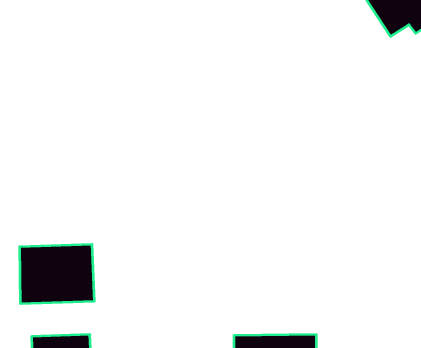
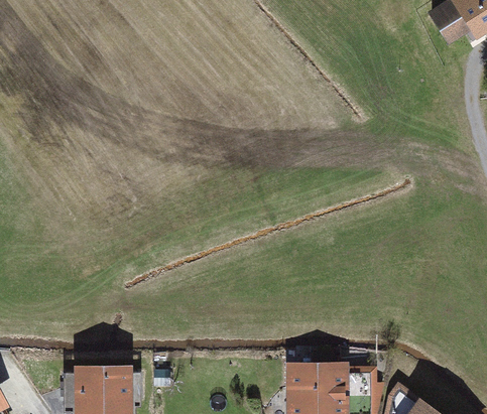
building: [20,244,94,304] -> none

